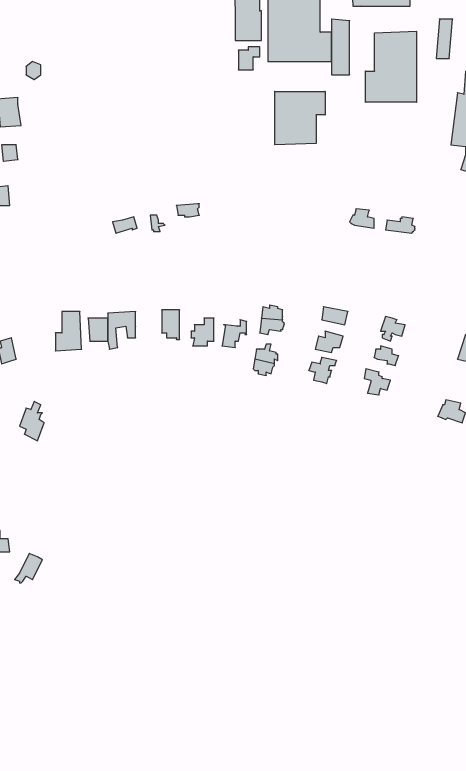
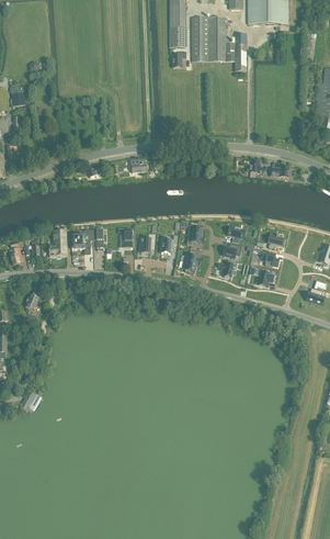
building: [365,31,417,102] -> none
building: [275,91,325,145] -> none

